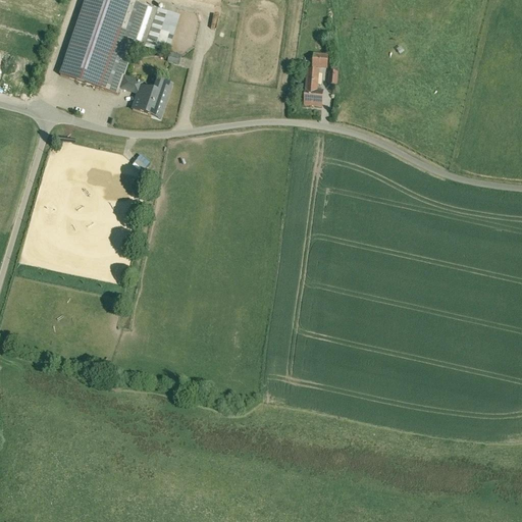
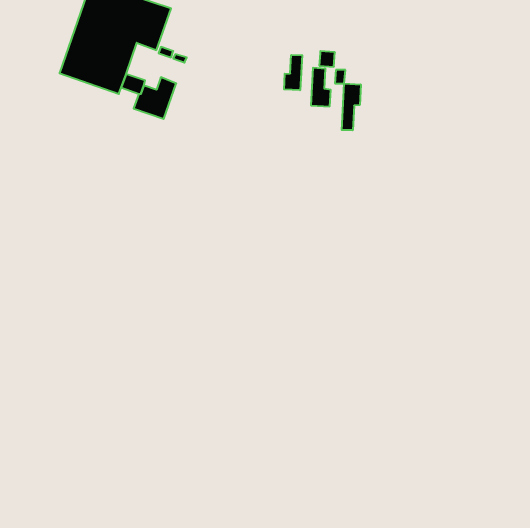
building: none -> [284,55,302,90]
building: none -> [342,83,361,130]

